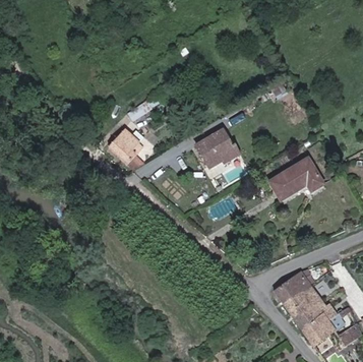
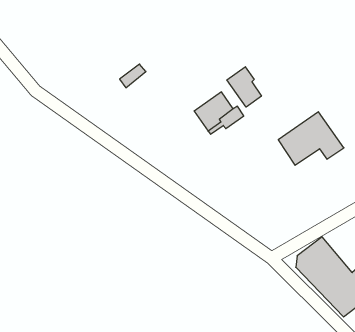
building: none -> [227,67,261,107]
building: [107,129,141,170] -> none

